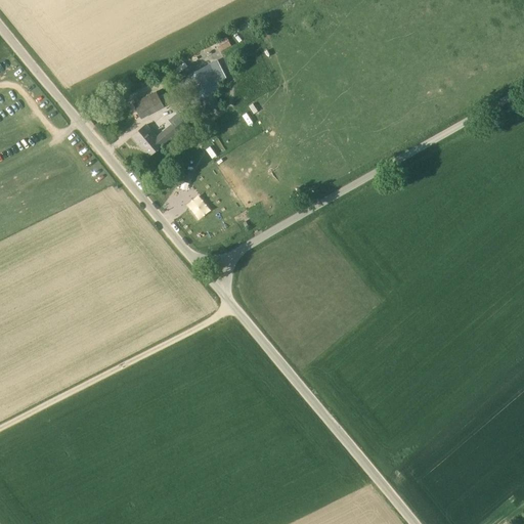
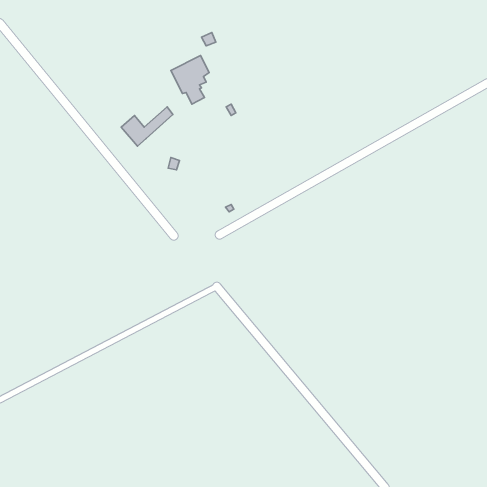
building: [132,91,163,118] -> none

